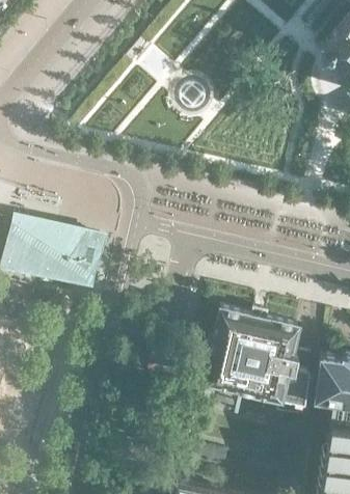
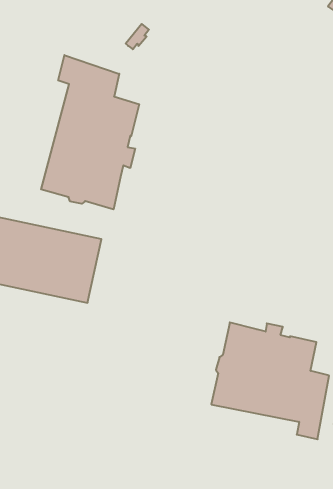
building: none -> [41,55,139,209]

